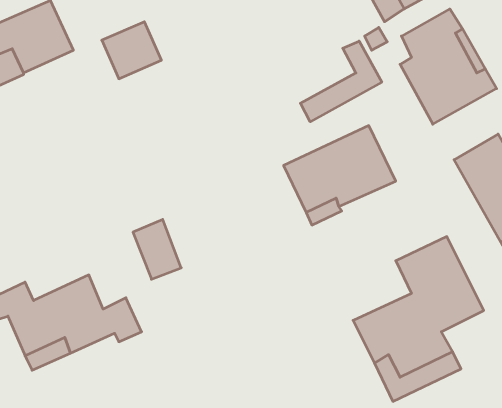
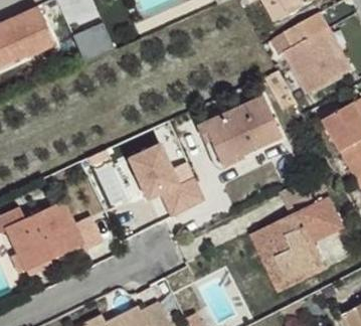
building: [300,41,382,122] -> none
building: none -> [121,139,207,215]

